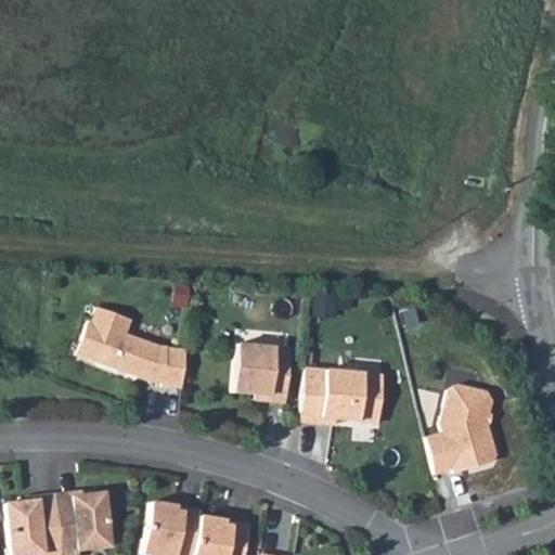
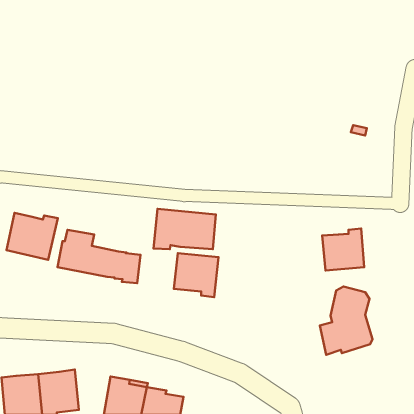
building: none -> [6,213,58,260]
building: none -> [322,229,364,270]
building: [301,367,385,422] -> [153,209,216,249]

